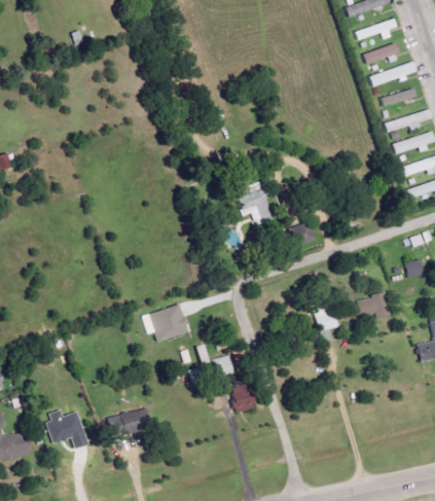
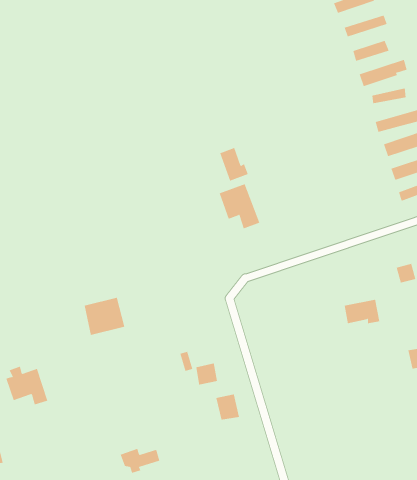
building: none -> [219,147,249,181]
building: [289,221,317,247] -> none
building: [149,305,189,342] -> [84,297,125,335]
building: [316,306,338,344] -> none
building: [46,409,87,448] -> [6,366,48,405]
building: [108,416,147,440] -> [120,448,160,474]

